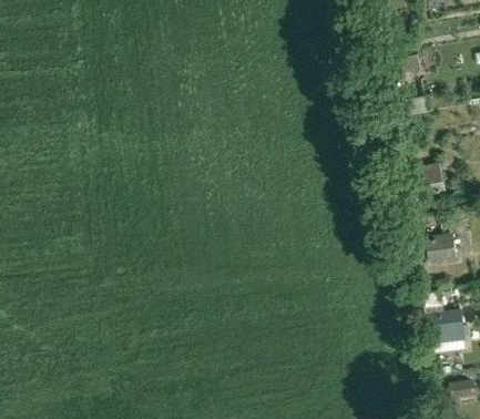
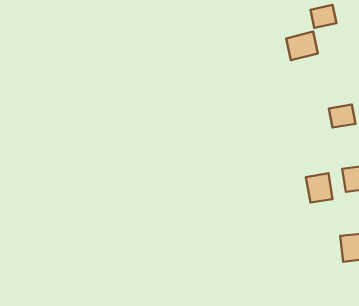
building: none -> [286,32,318,60]
building: none -> [306,173,333,203]

